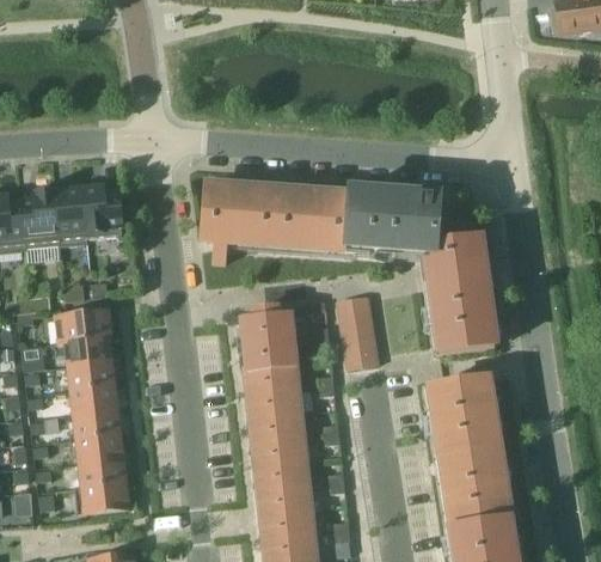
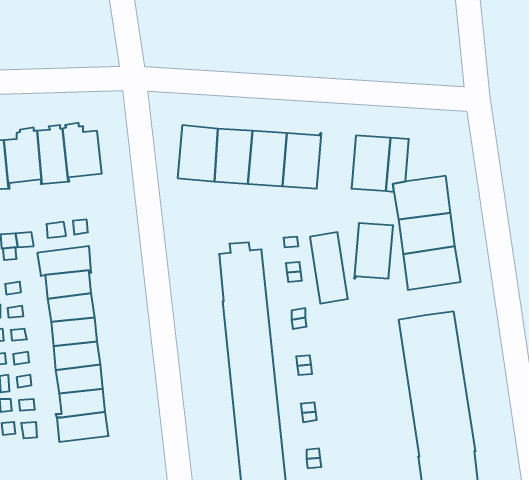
building: [345,193,386,250] -> [354,223,393,278]

